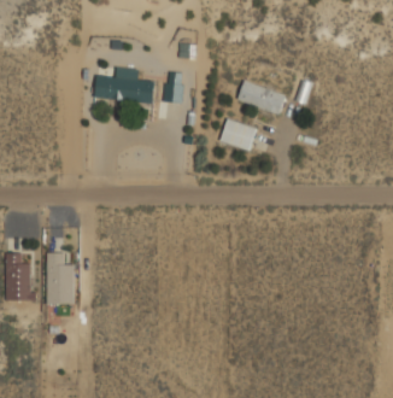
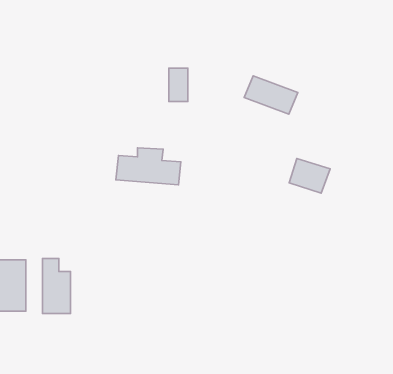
building: [95,68,157,103] -> [116,148,181,185]
building: [221,117,259,150] -> [289,159,330,193]

